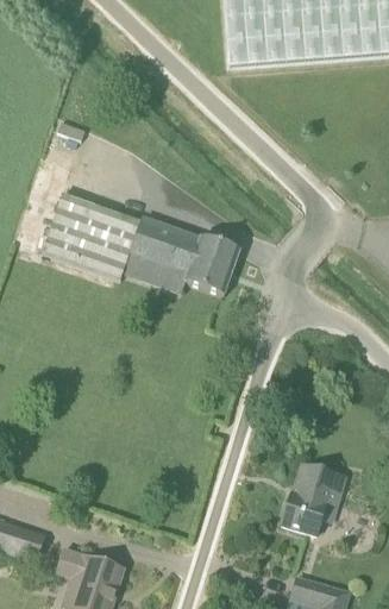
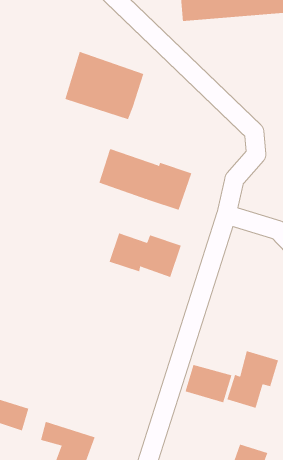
building: [43,193,139,276] -> [64,51,144,120]
building: none -> [109,233,181,278]
building: none -> [185,364,232,403]

